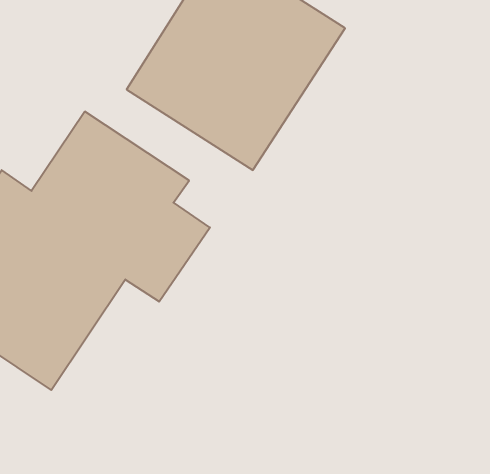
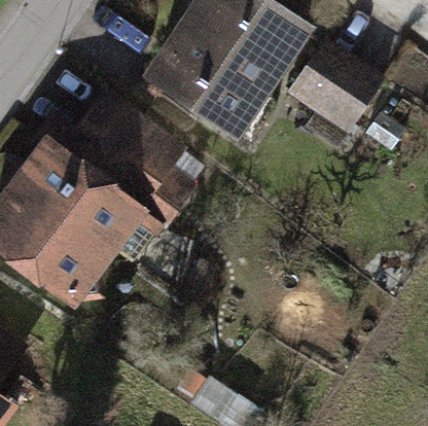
building: none -> [289,37,381,129]

